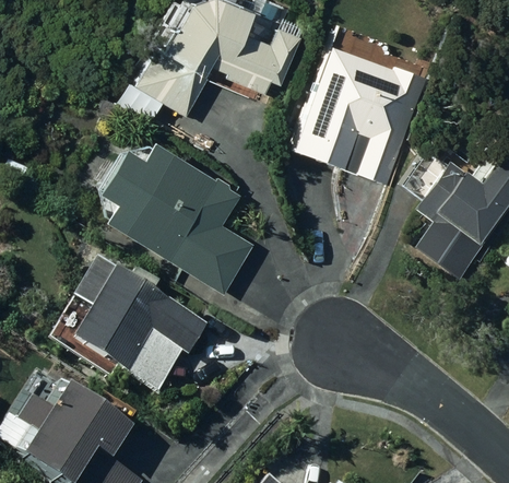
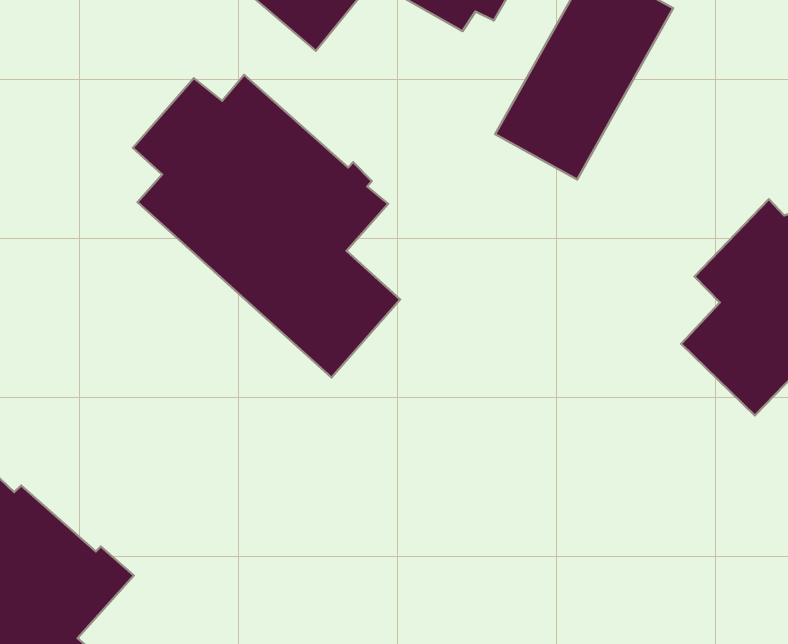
building: [340,61,427,184] -> none
building: [69,259,206,396] -> none

